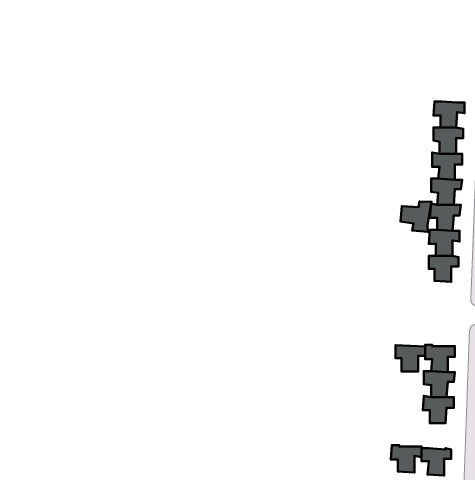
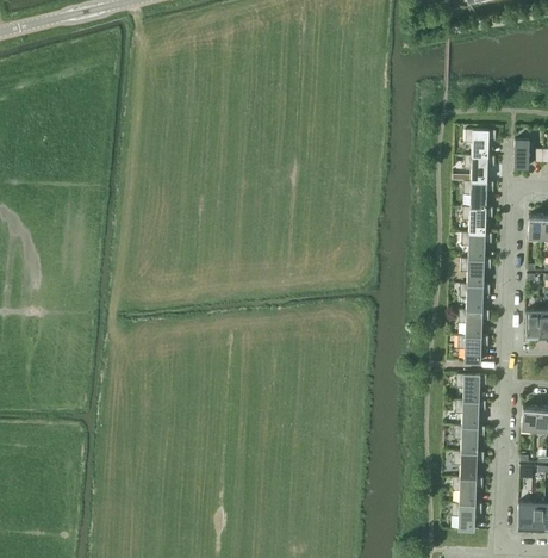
building: none -> [466,130,497,156]
building: [400,201,431,232] -> none
building: none -> [459,335,488,362]
building: [395,345,425,371] -> [457,374,487,401]
building: [391,445,422,473] -> [453,477,484,504]

